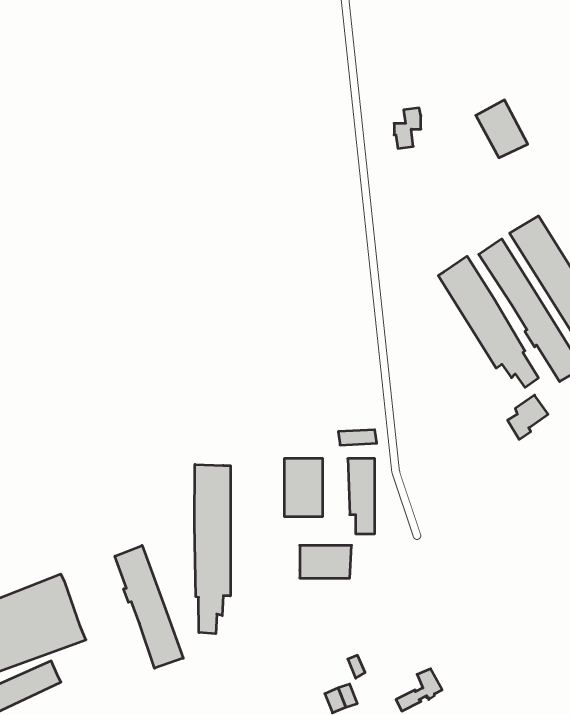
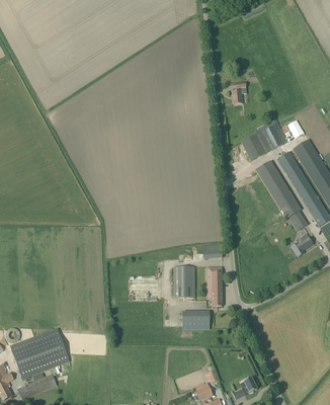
building: [476,100,528,158] -> [260,118,287,149]
building: none -> [241,134,266,160]
building: [194,464,230,634] -> none
building: [115,545,183,668] -> none

